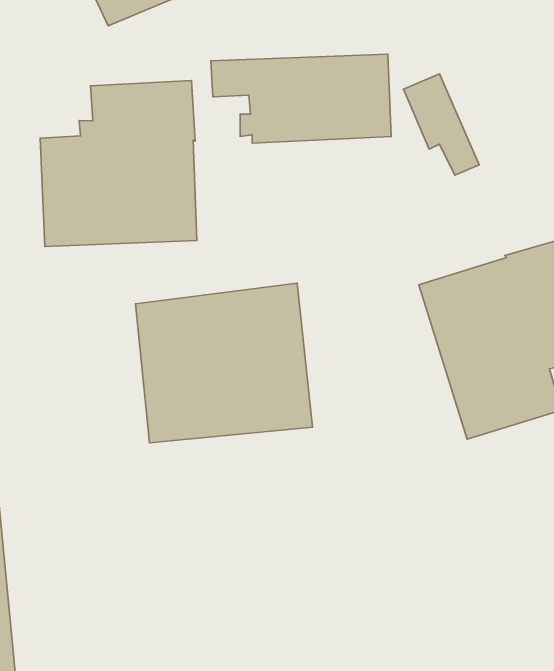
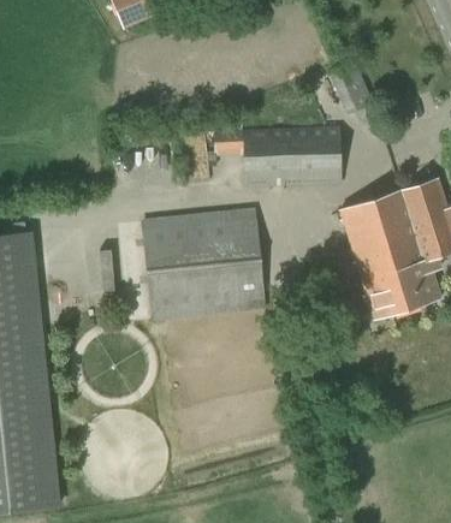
building: [211,54,391,143] -> [215,124,342,186]
building: [40,81,197,246] -> none

